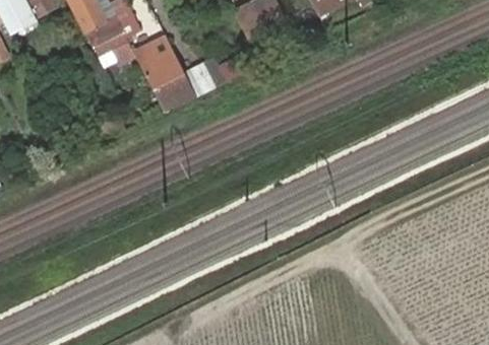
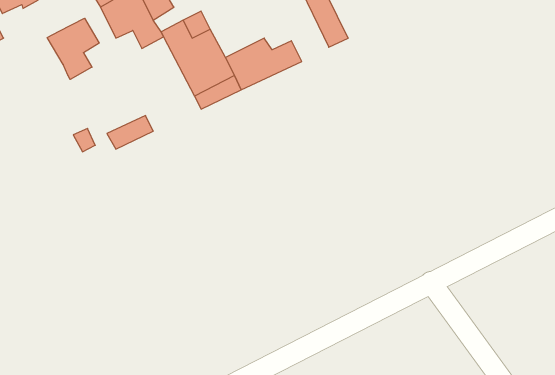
building: none -> [47,18,99,79]

